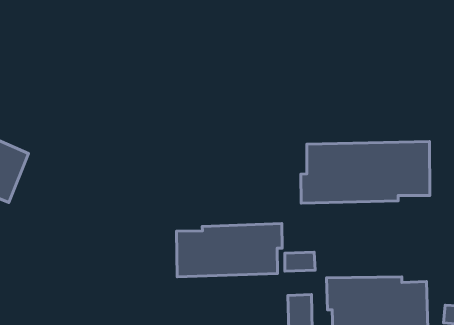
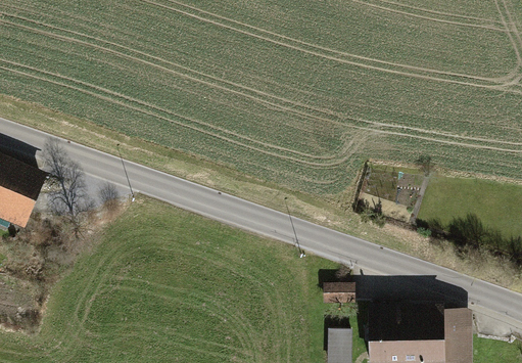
building: [301,142,430,203] -> none
building: [177,223,282,277] -> none

